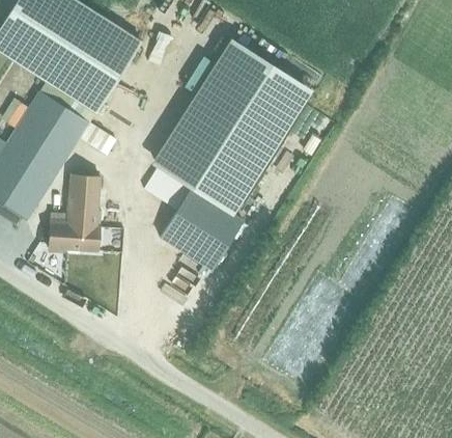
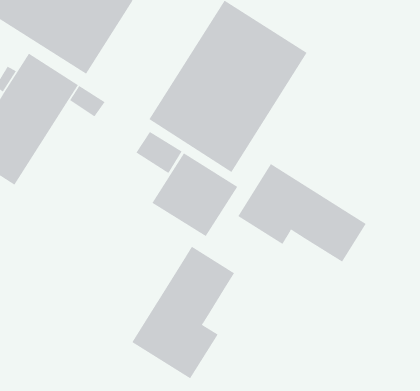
building: [49,175,102,252] -> none
building: none -> [238,163,367,262]
building: none -> [131,246,235,379]

